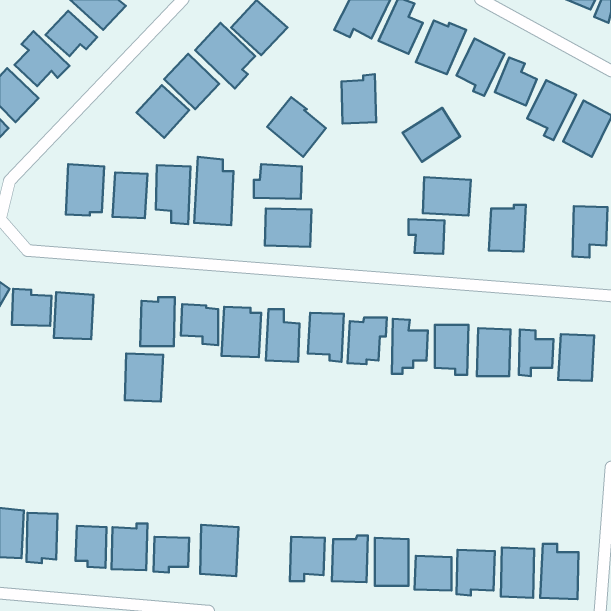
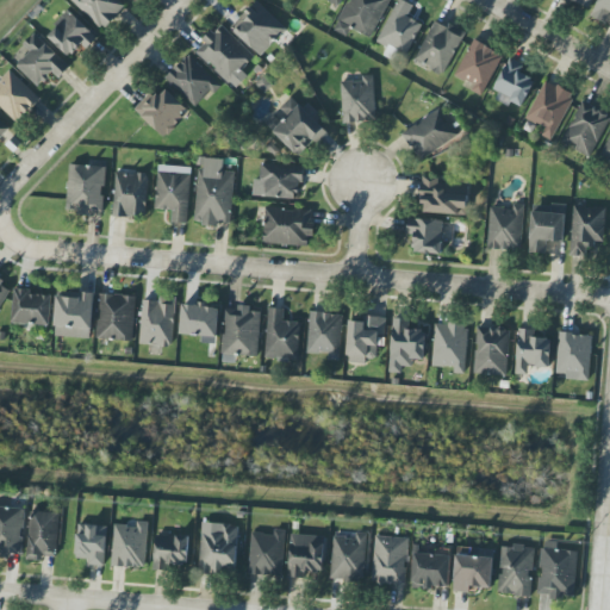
building: none -> [529,204,565,251]
building: [125,354,163,402] -> [97,293,135,341]
building: none -> [248,529,284,577]

